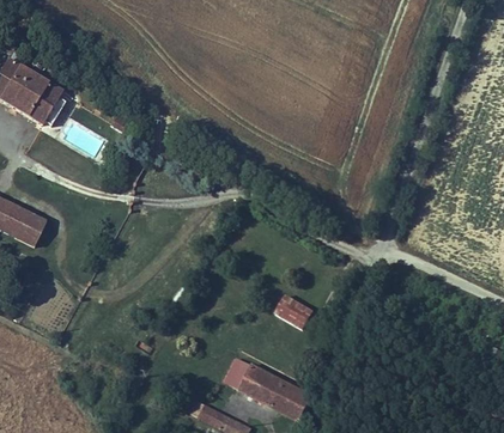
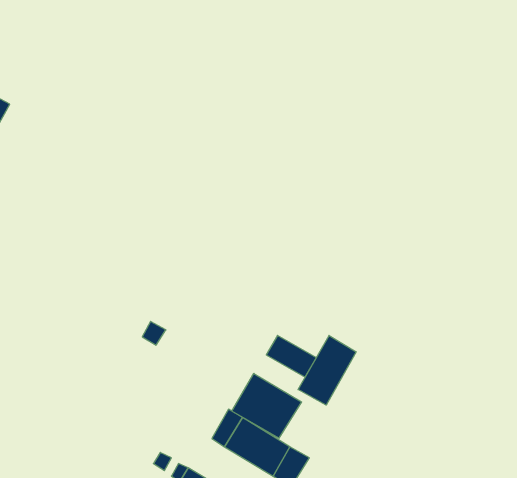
building: none -> [298,335,356,405]
building: none -> [232,373,302,438]

